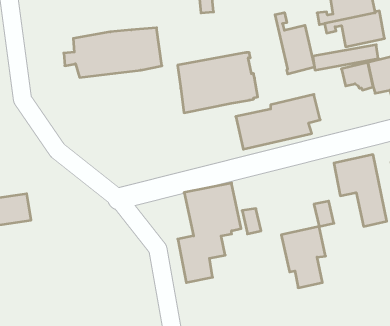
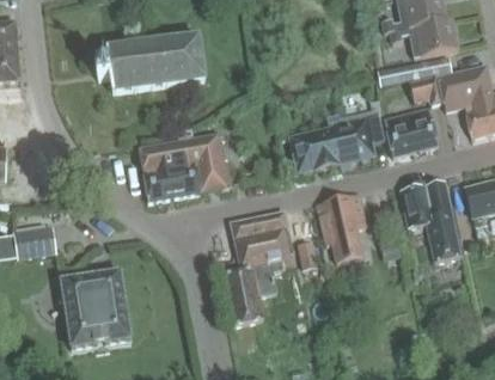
building: [275,13,315,74] -> none
building: [178,53,258,113] -> [140,134,231,202]
building: none -> [384,108,436,157]
building: [281,226,326,288] -> [316,192,366,262]
building: none -> [59,269,130,348]

